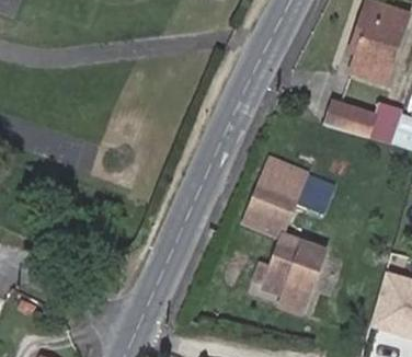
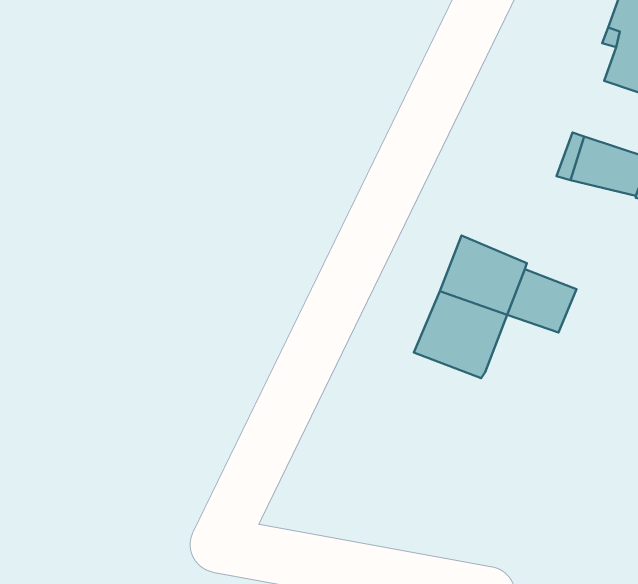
building: [255,232,327,311] -> none

